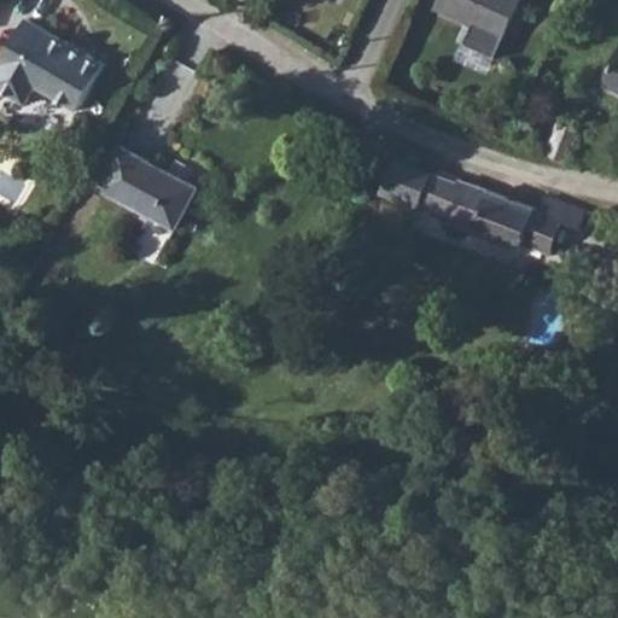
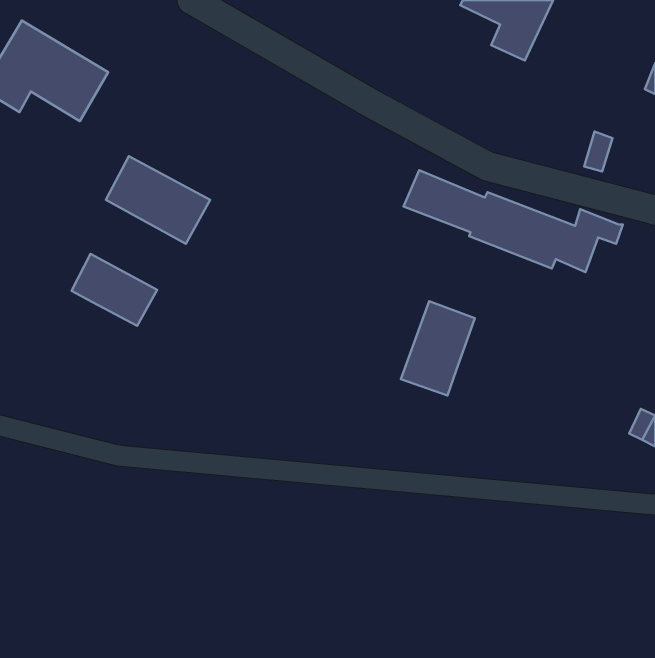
building: none -> [71,254,157,326]
building: none -> [401,301,475,395]

